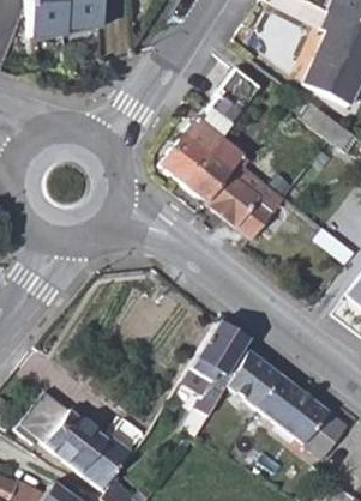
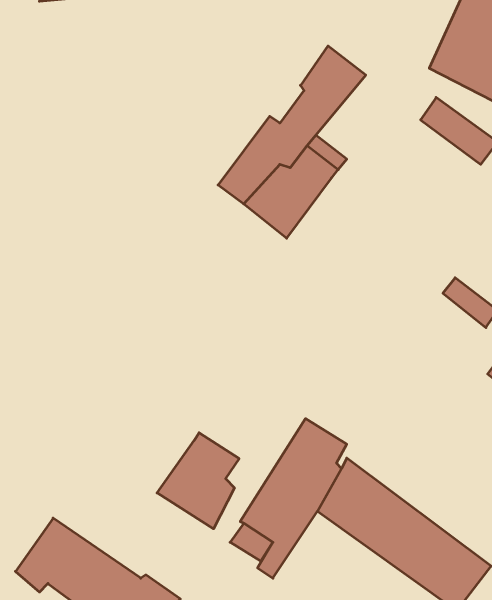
building: [206,157,284,235] -> none
building: none -> [157,433,239,529]

